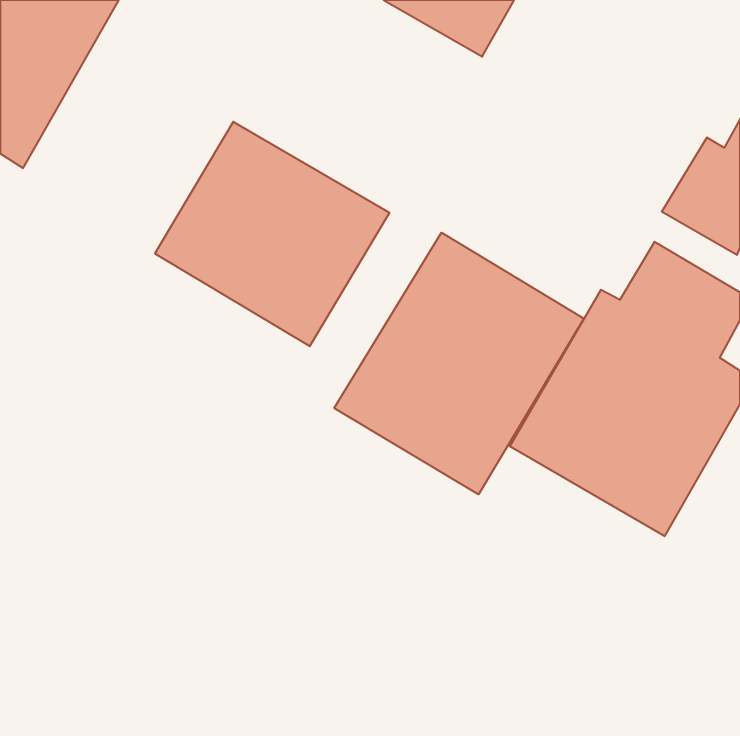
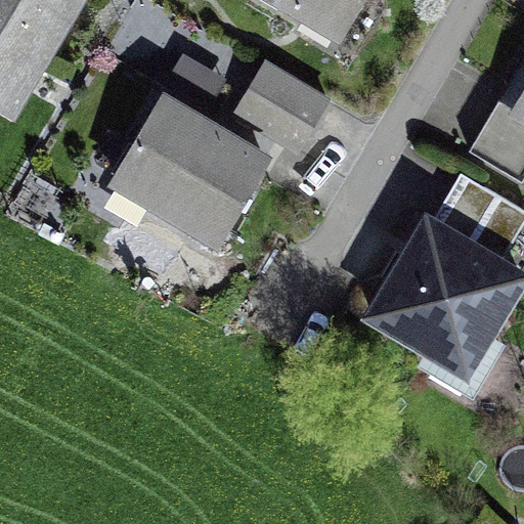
building: none -> [233,61,333,156]
building: [334,233,584,494] -> none

